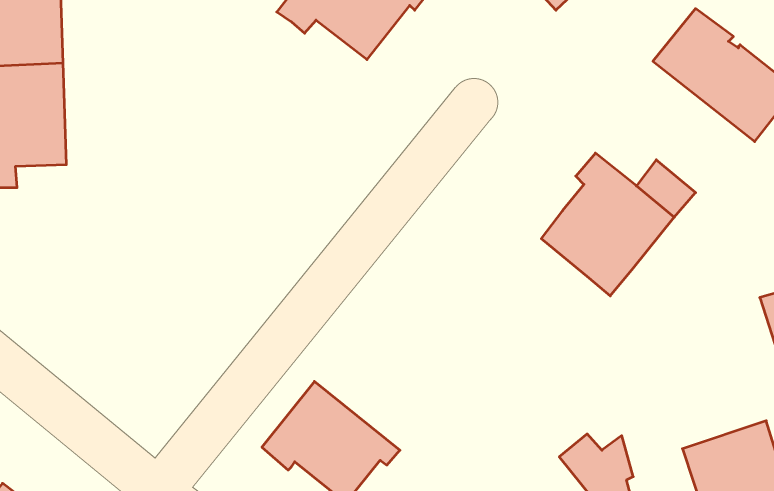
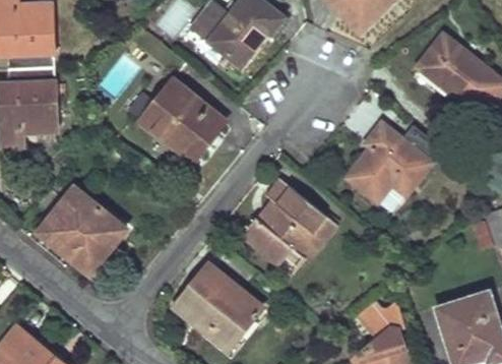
building: none -> [140,80,224,162]
building: none -> [241,179,335,264]
building: none -> [37,188,125,268]

